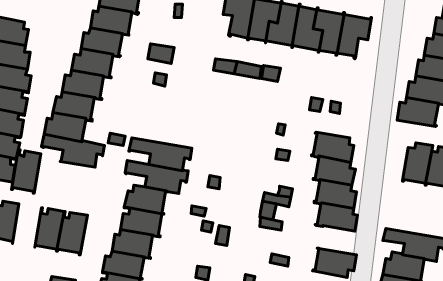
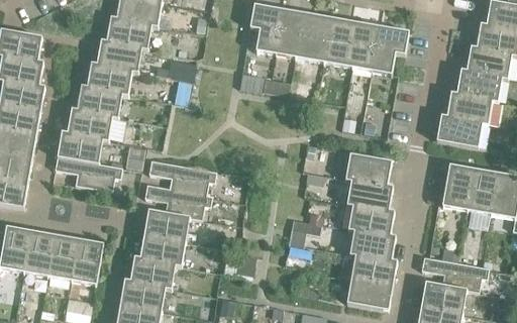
building: [12,150,41,193] -> [23,229,55,276]
building: none -> [350,252,396,284]

